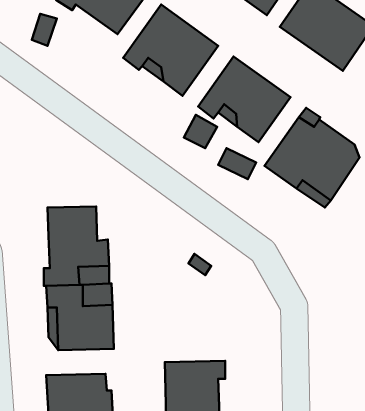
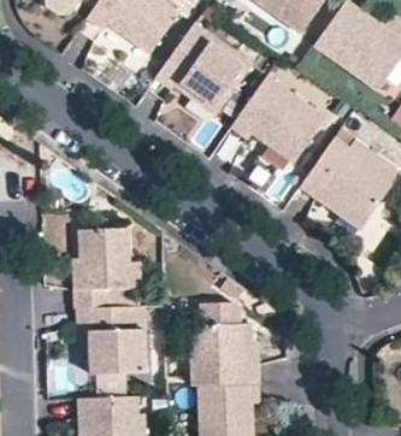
building: none -> [190,302,259,385]

